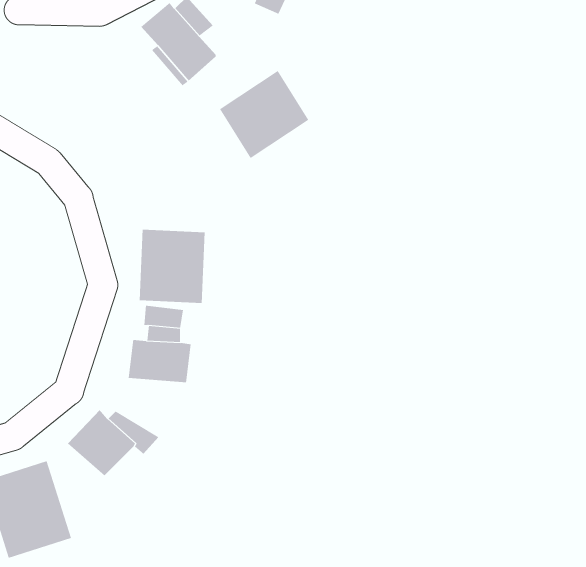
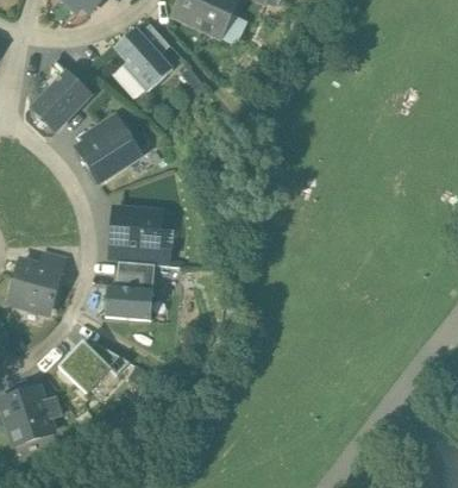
building: none -> [32,64,99,131]
building: [219,70,309,159] -> [75,118,144,186]
building: none -> [11,255,62,312]

